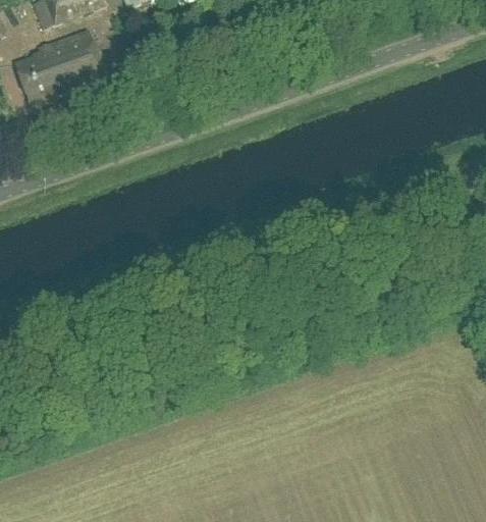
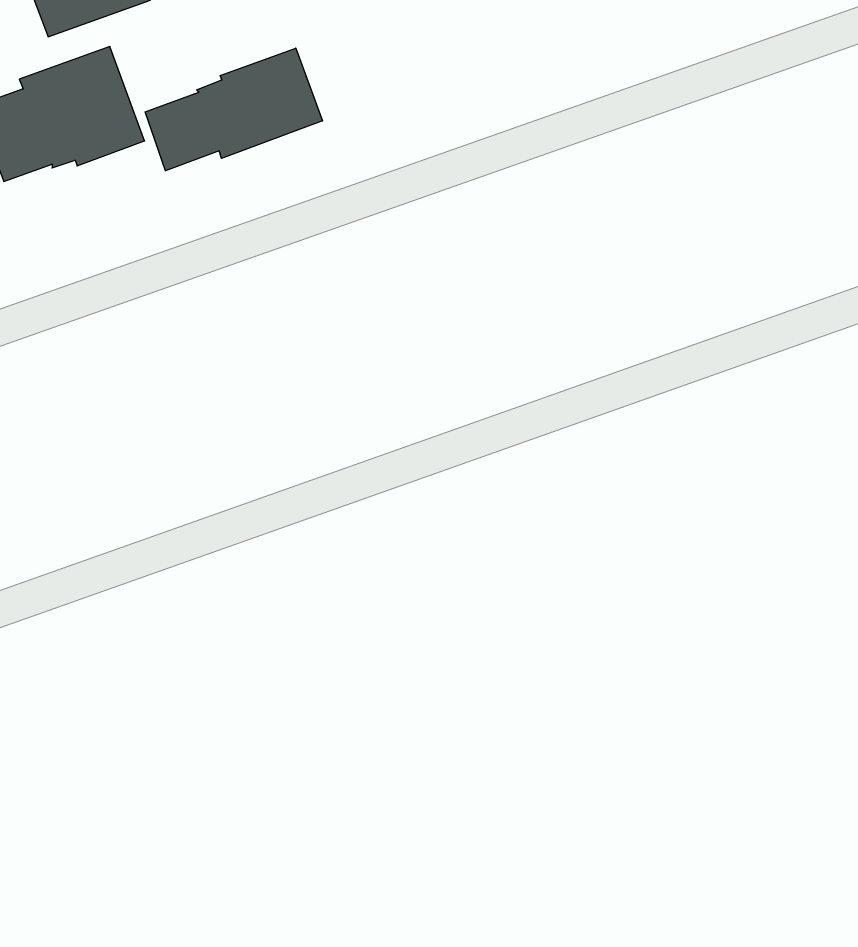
building: none -> [145,48,323,171]

